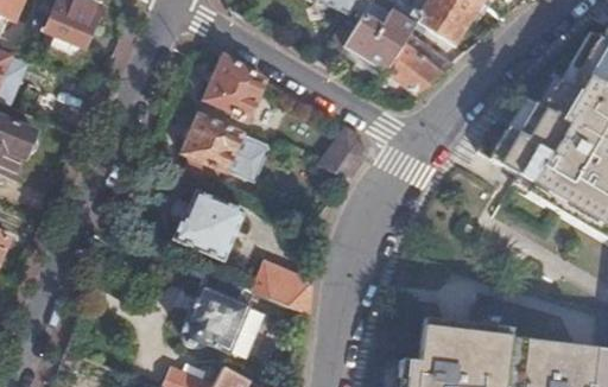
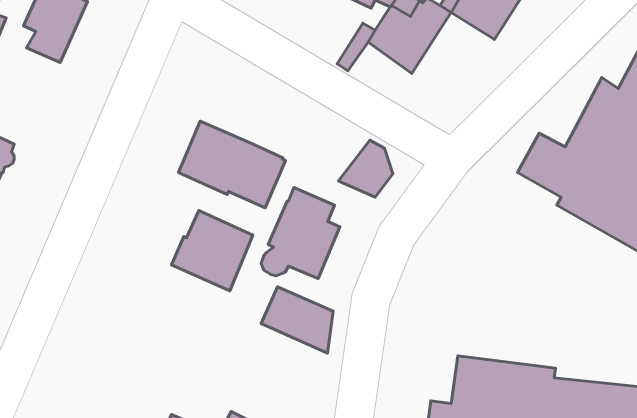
building: [384,30,454,94] -> none
building: [205,55,264,115] -> none
building: [182,271,251,350] -> [261,187,340,278]

